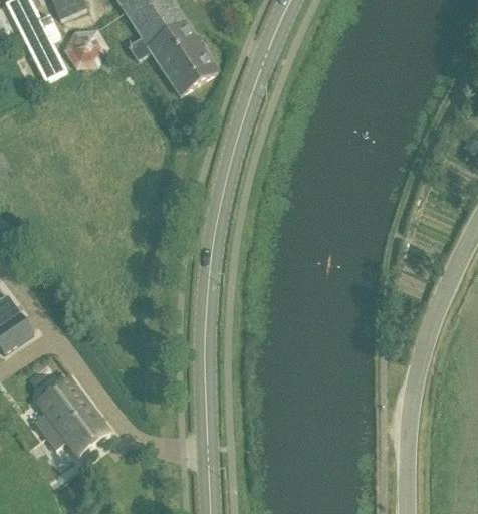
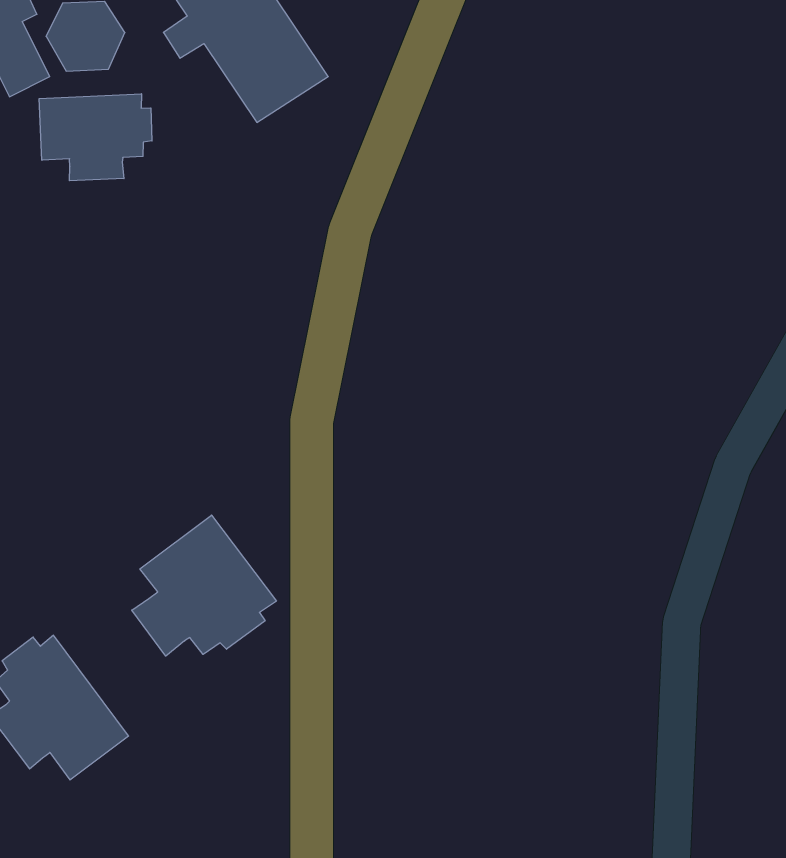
building: none -> [39,94,152,181]
building: none -> [132,515,276,656]

